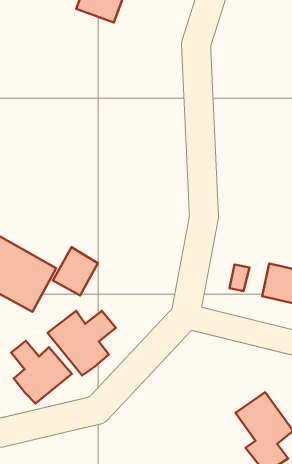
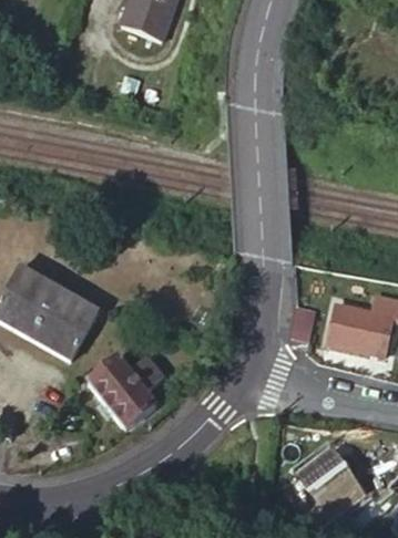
building: [53,247,98,296] -> none
building: [11,341,72,404] -> none

